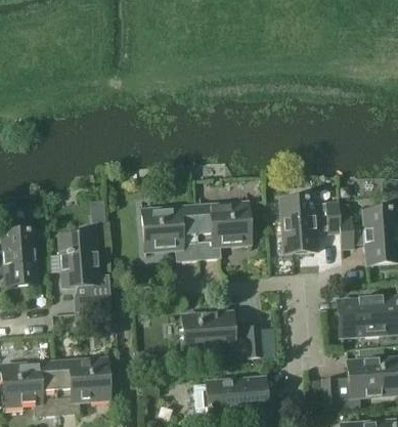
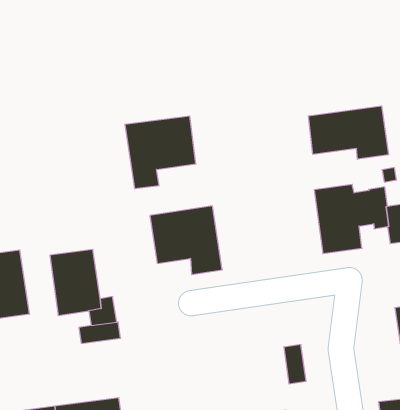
building: none -> [308,106,388,159]
building: [196,202,253,258] -> [125,116,196,188]
building: [183,312,233,349] -> none

